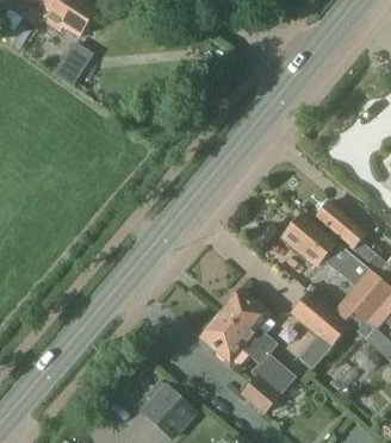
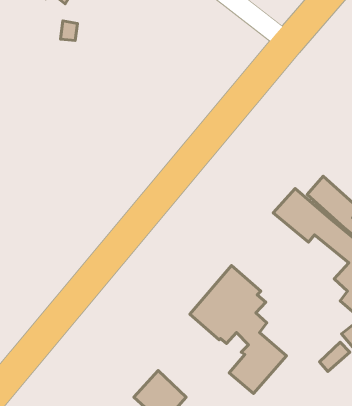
building: [288,291,346,367] -> none

